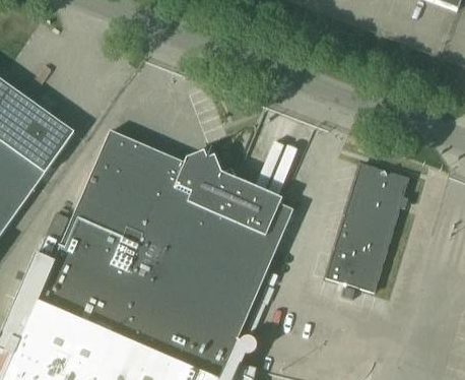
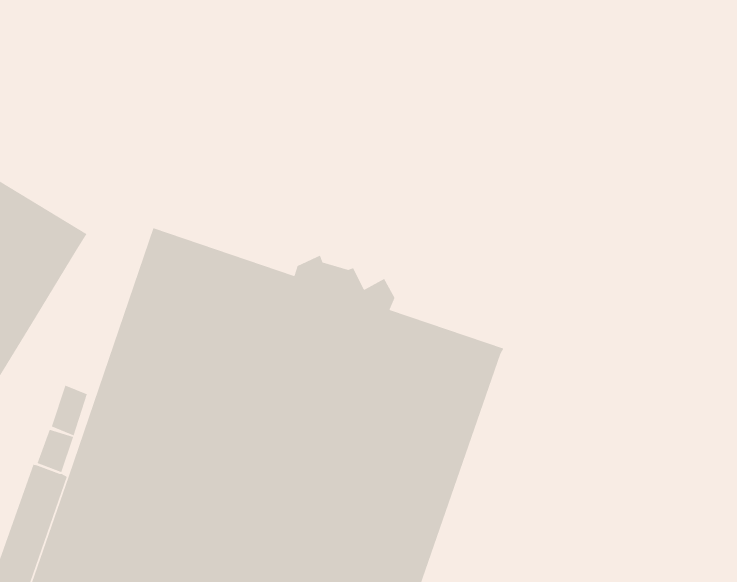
building: [325,163,408,293] -> none

